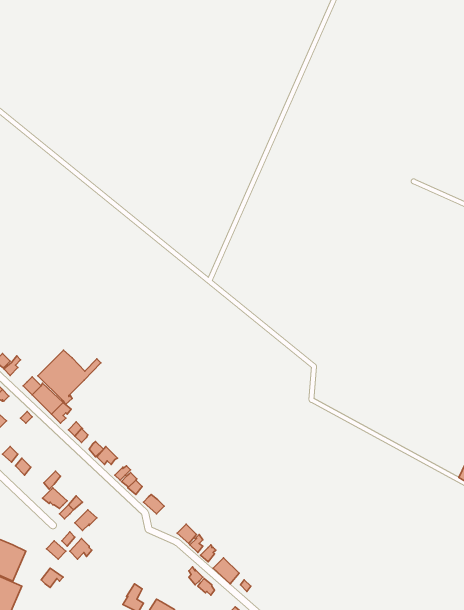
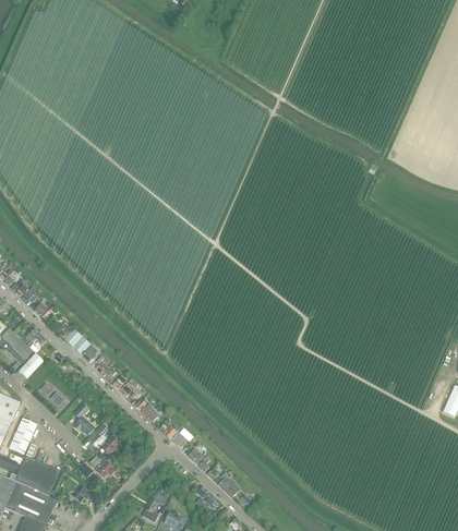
building: [38,350,101,404] -> none

